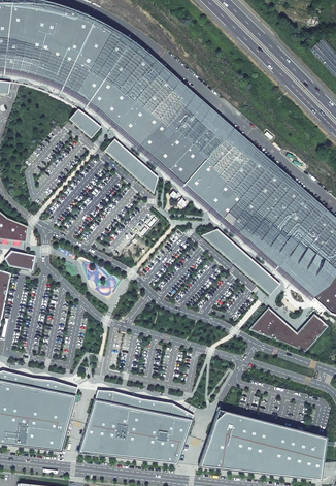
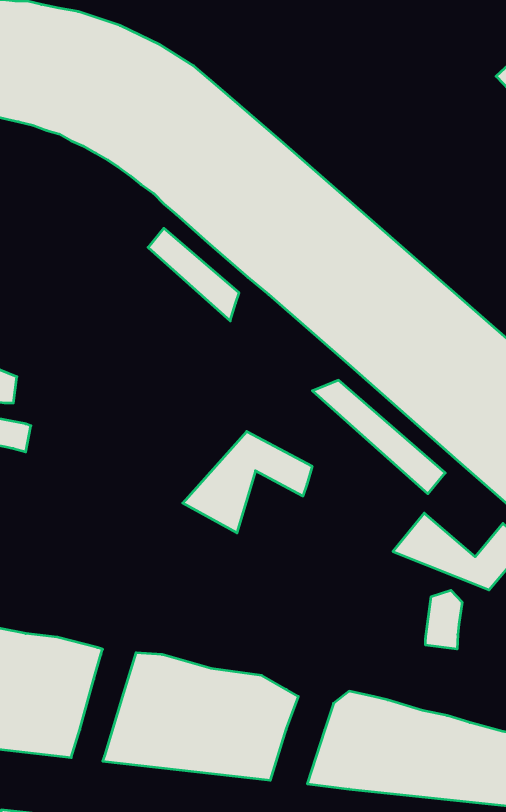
building: [69,107,101,137] -> none
building: none -> [183,431,312,533]
building: none -> [426,590,462,649]

